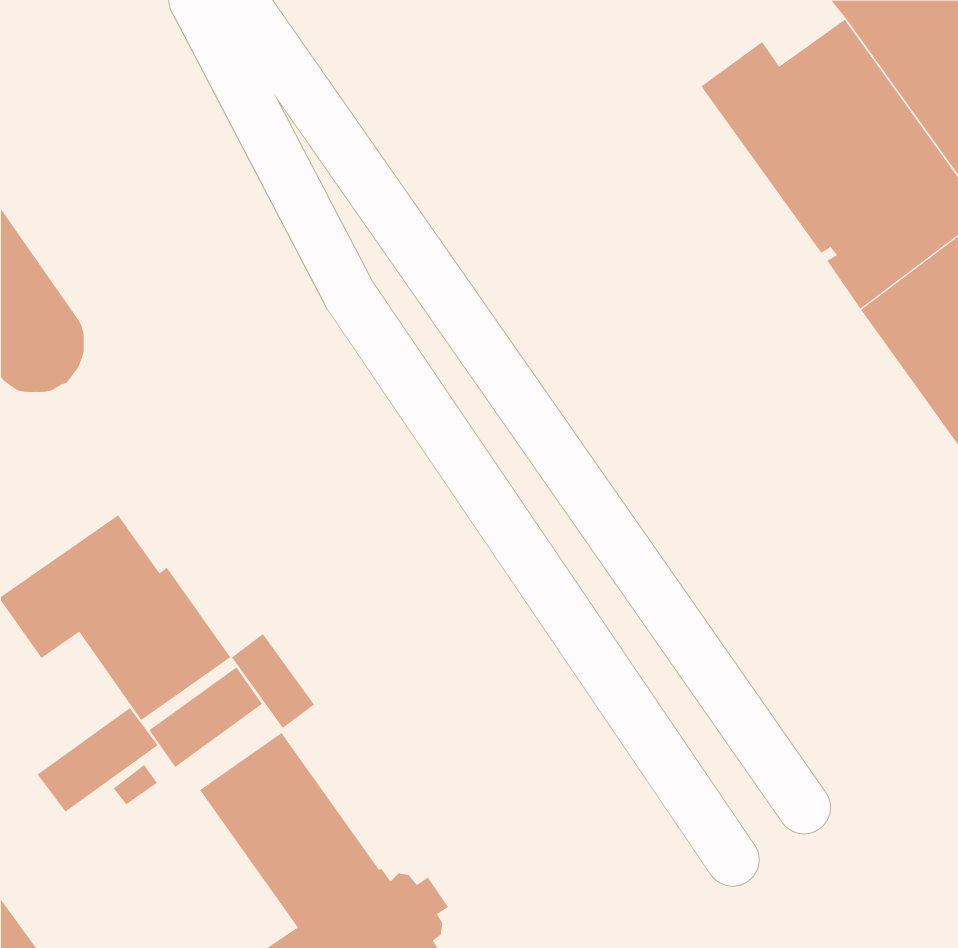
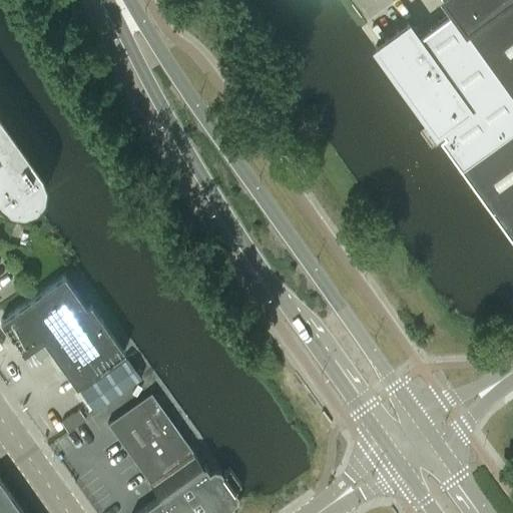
building: [231,633,315,729] -> none
building: [37,707,158,813] -> none

